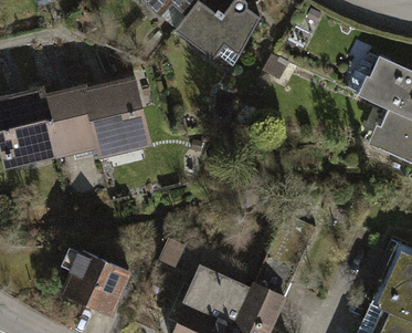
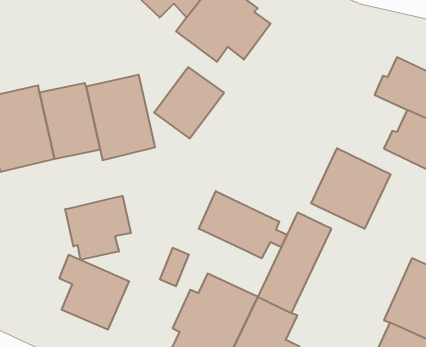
building: none -> [154,67,224,138]
building: none -> [311,148,391,229]
building: none -> [199,191,287,258]
building: none -> [65,196,131,260]

